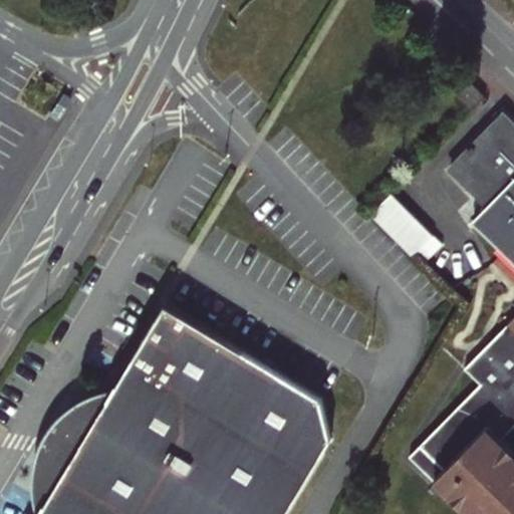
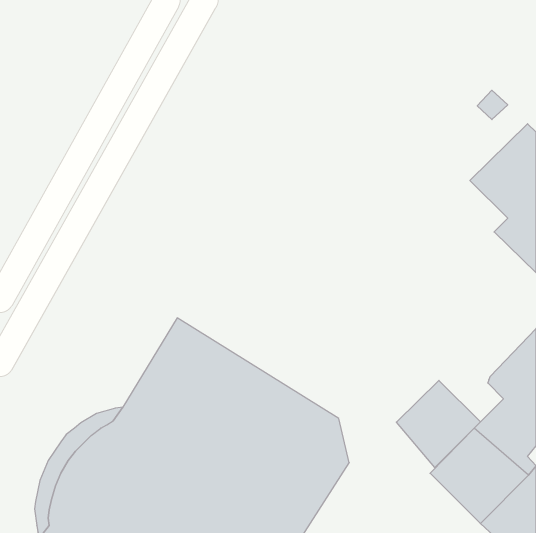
building: [372,195,436,258] -> none
building: none -> [396,380,480,467]

